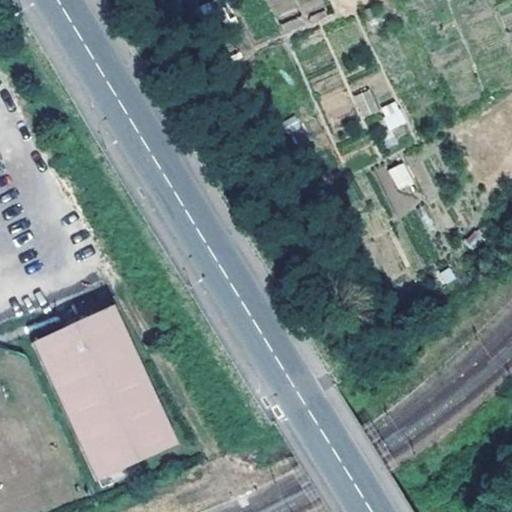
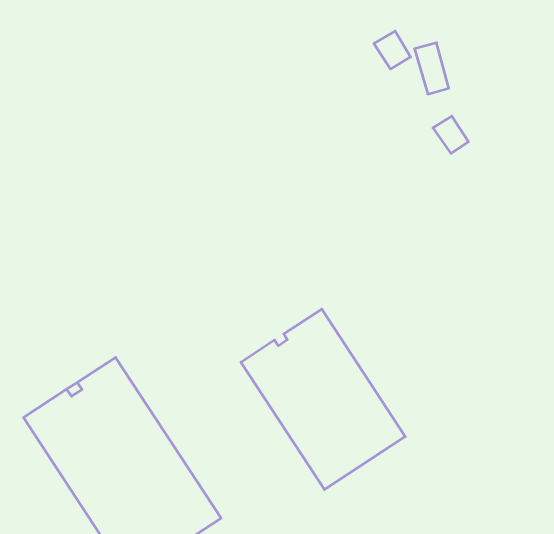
building: none -> [241,309,405,490]

